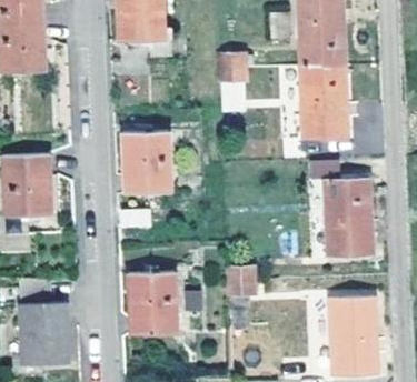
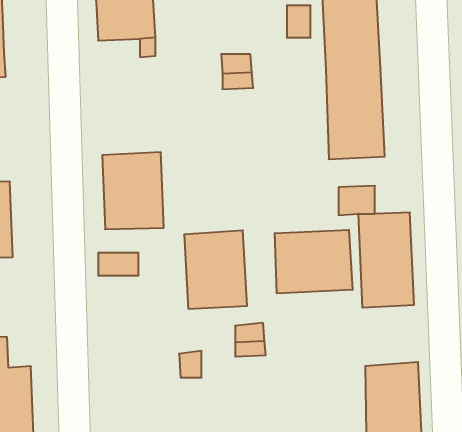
building: none -> [275,230,352,293]
building: [128,270,178,332] -> [184,230,247,309]

